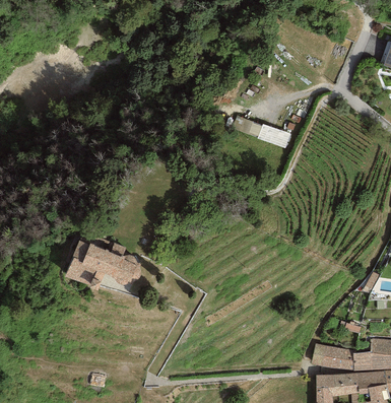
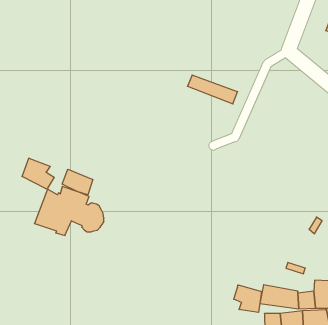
building: none -> [22,158,54,189]
building: none -> [62,169,93,195]
building: none -> [234,285,261,312]

